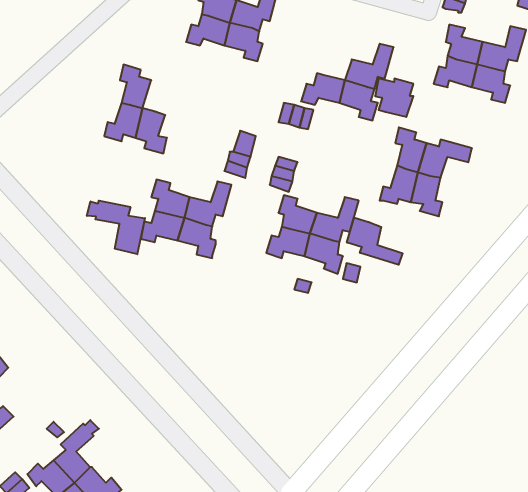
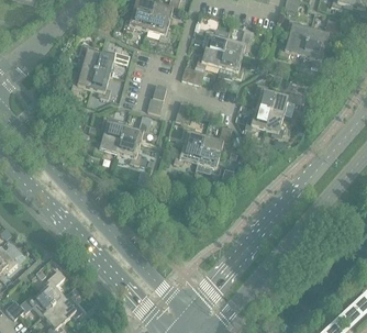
building: none -> [94,52,129,76]
building: [375,79,413,117] -> [202,30,226,54]
building: [87,201,145,254] -> none
building: [347,218,403,265] -> none

